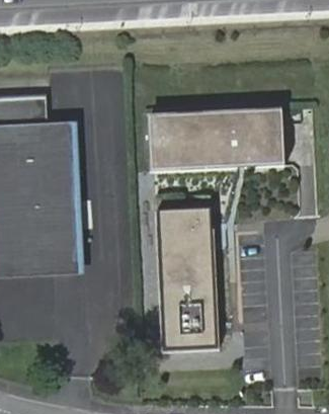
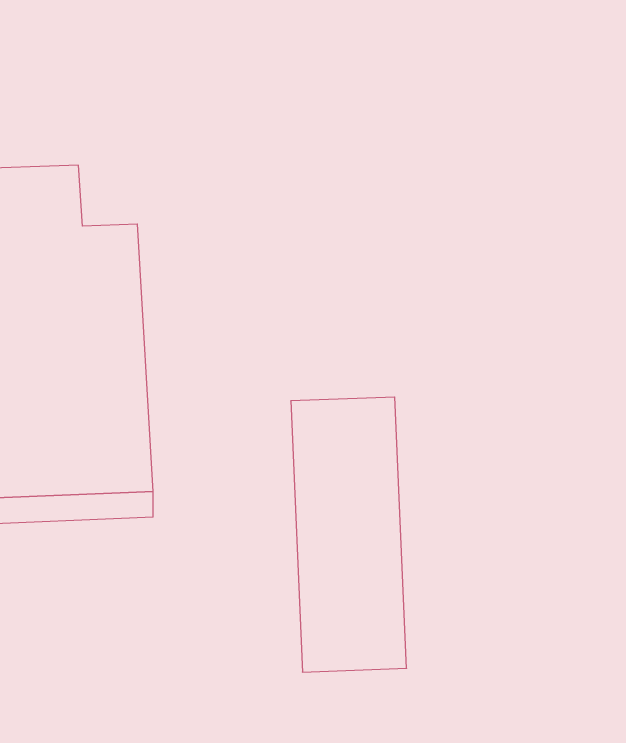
building: [147,108,283,170] -> none

